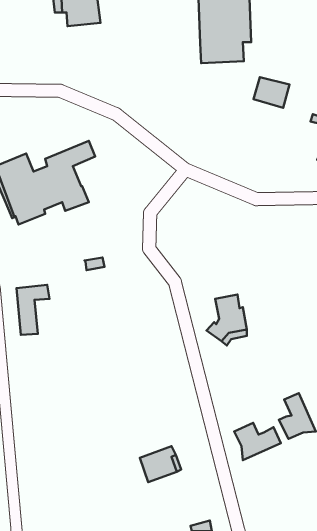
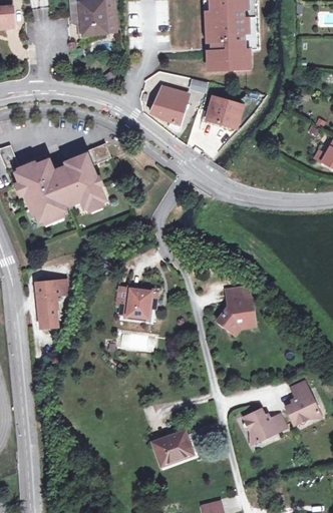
building: [253,77,290,108] -> [206,97,240,126]
building: none -> [148,87,186,131]
building: none -> [116,289,149,320]

